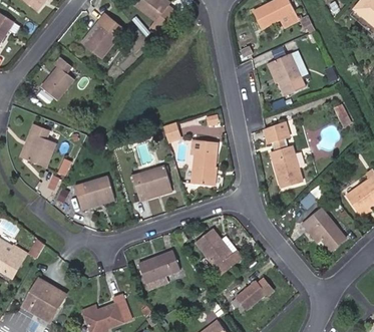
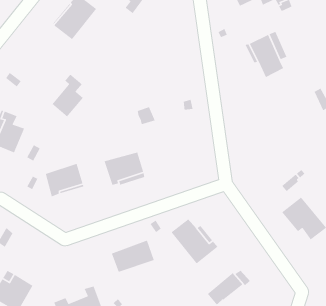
building: [42,57,73,99] -> [51,74,84,118]
building: [263,121,302,188] -> none
building: [191,141,217,186] -> none

